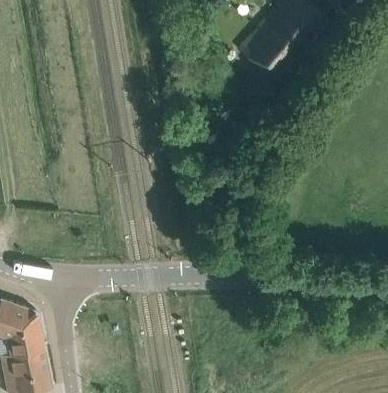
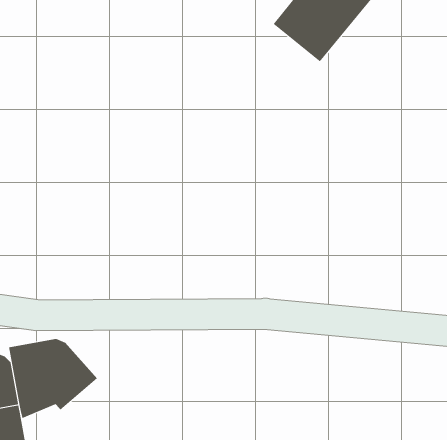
building: none -> [9,338,98,419]

